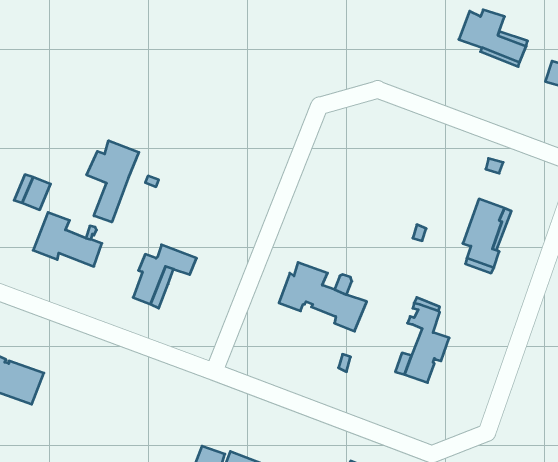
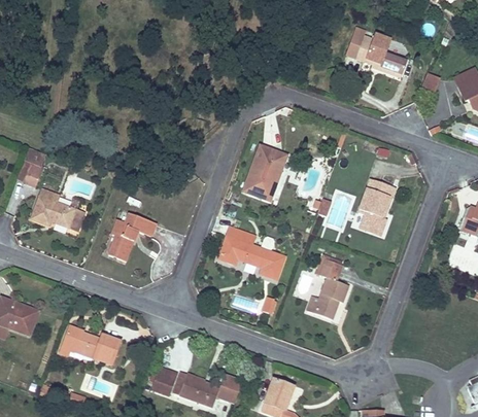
building: [87,141,139,222] -> none
building: none -> [243,145,286,200]
building: none -> [60,325,120,363]

